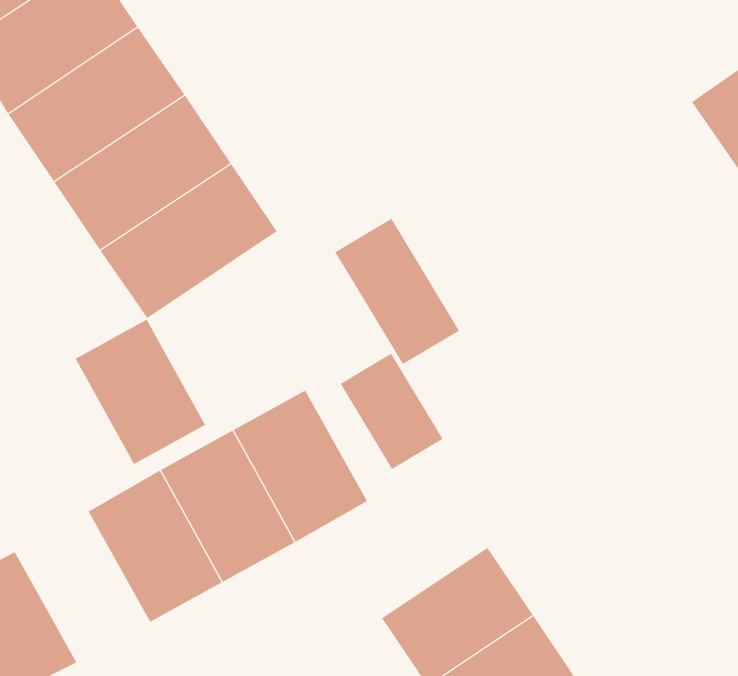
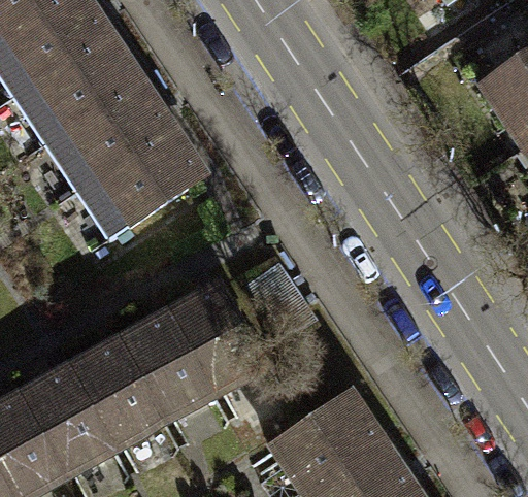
building: [335,218,460,365] -> none
building: [75,319,206,465] -> none
building: none -> [16,371,110,476]

